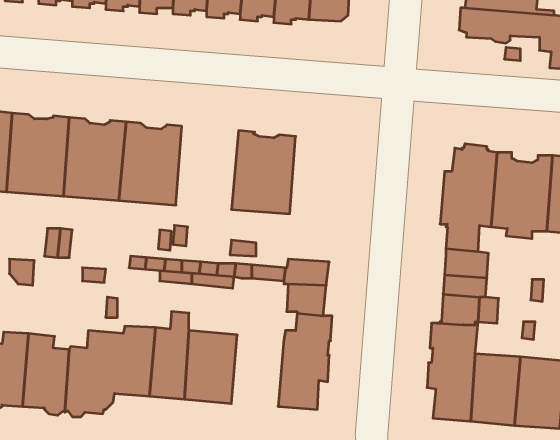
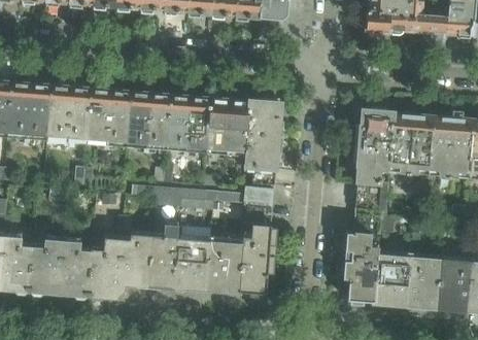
building: none -> [166,94,210,152]
building: none -> [245,97,283,184]
building: none -> [205,241,242,292]

